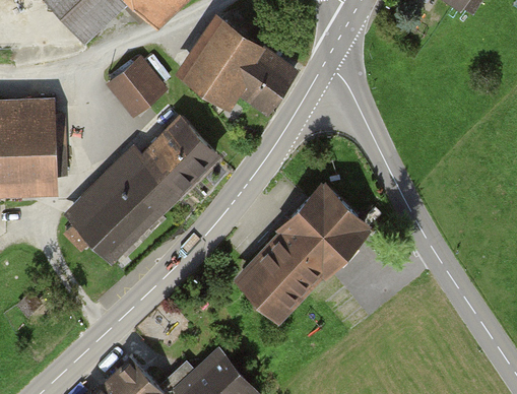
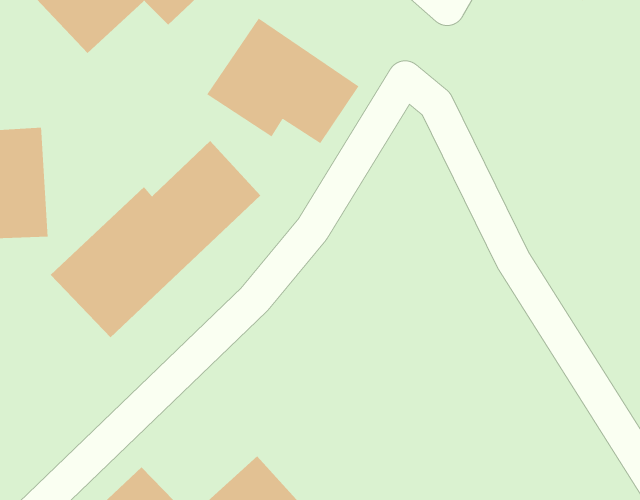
building: [106,56,168,117] -> none
building: [233,183,367,320] -> none

